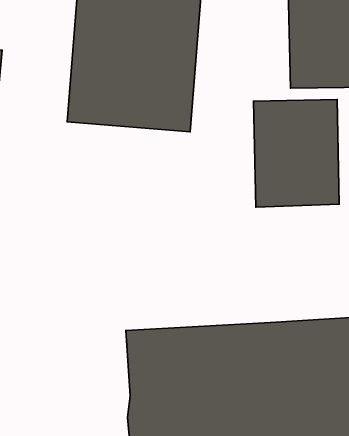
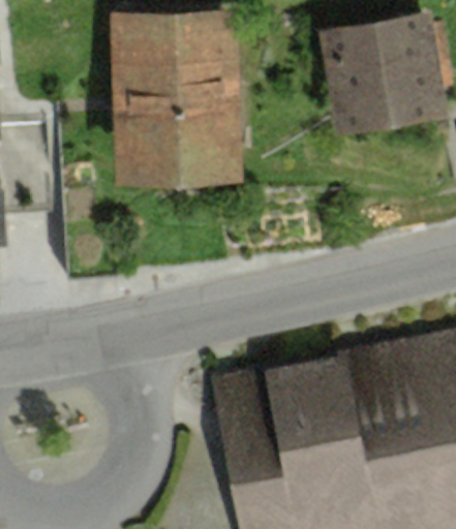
building: [254,100,339,207] -> none

